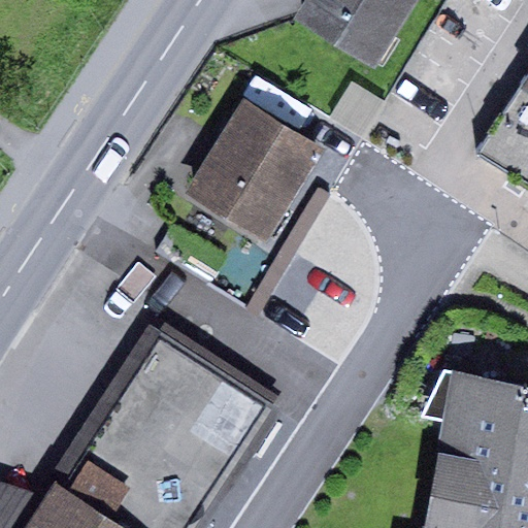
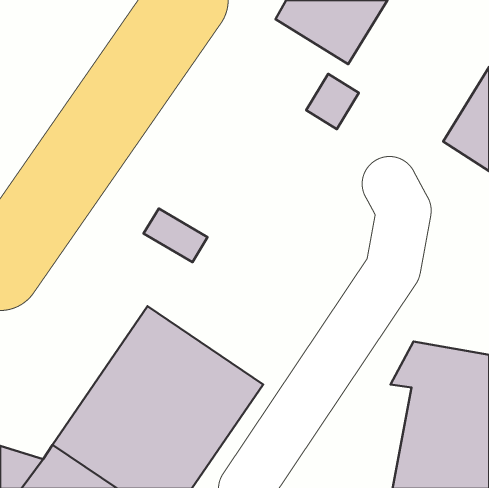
building: [188,99,328,242] -> none

